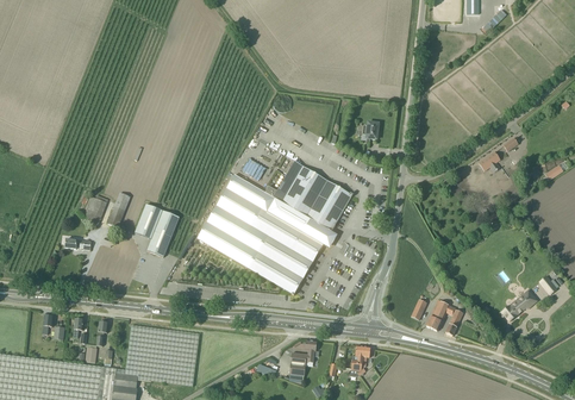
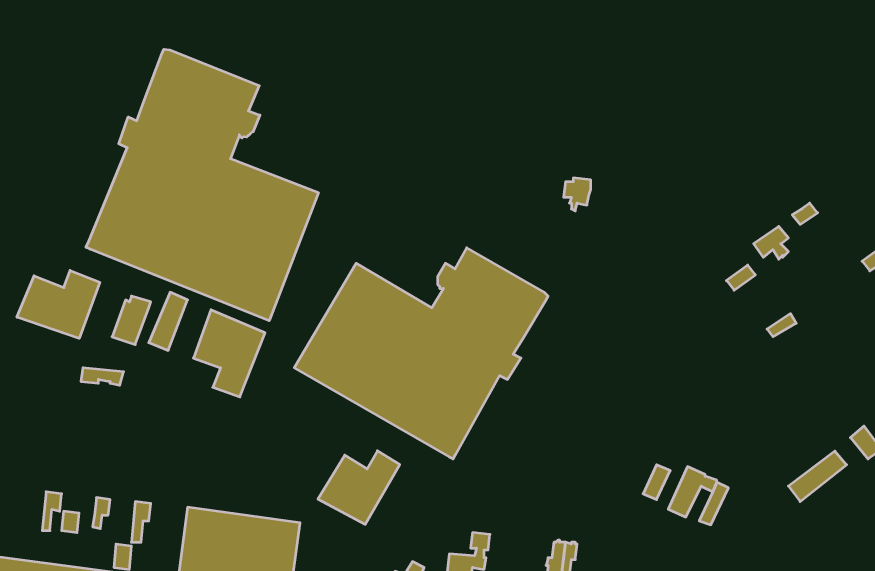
building: none -> [86,49,318,321]
building: none -> [17,270,100,338]
building: none -> [318,451,400,524]

